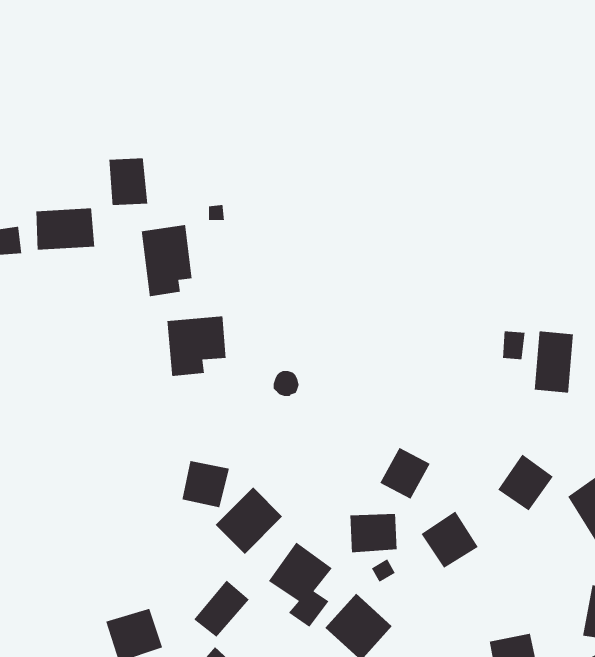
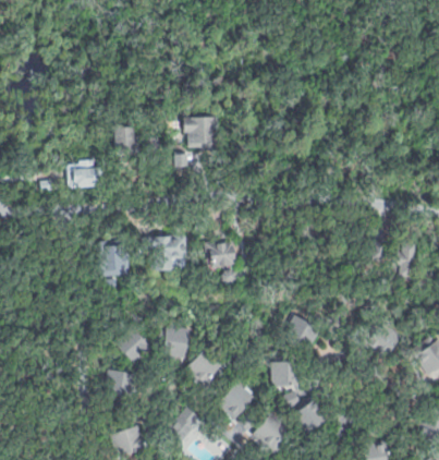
building: none -> [184,116,221,154]
building: [141,224,192,297] -> [96,240,130,288]
building: none -> [204,238,236,268]
building: none -> [114,326,153,365]
building: [421,511,479,569] -> [292,397,330,435]
building: none -> [106,368,136,400]

